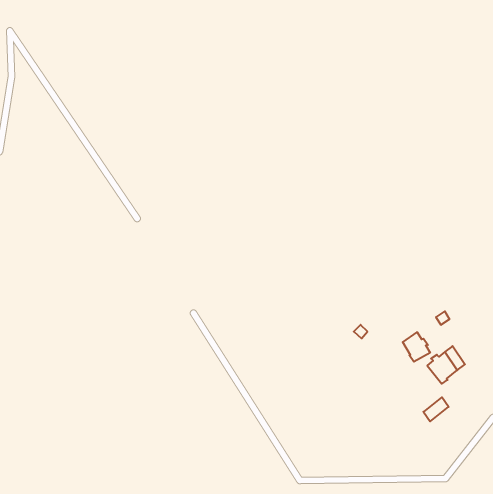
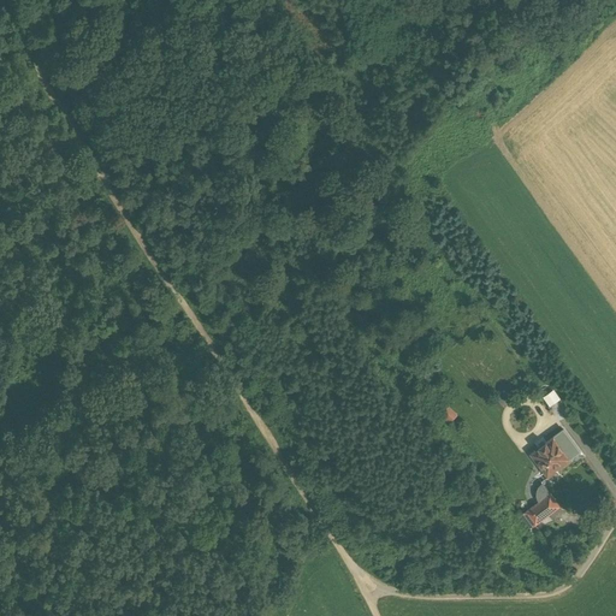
building: [403,332,430,362] -> none

